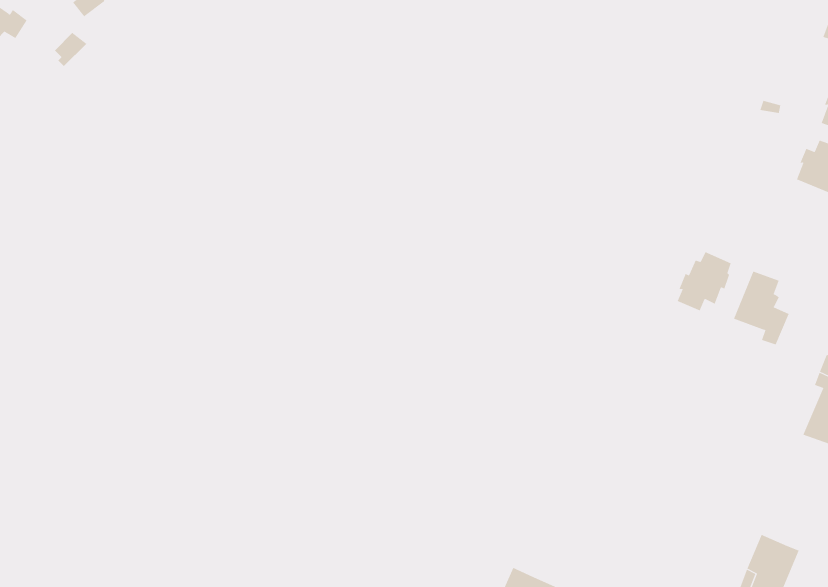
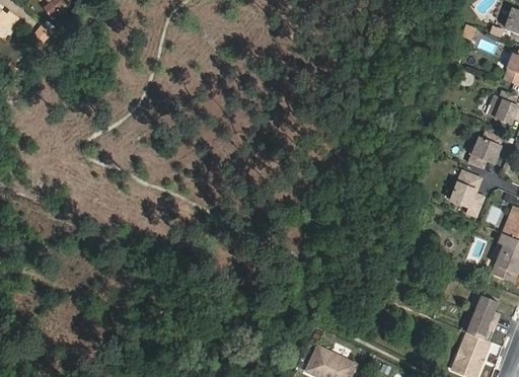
building: [677,252,732,311] -> [468,131,502,167]
building: none -> [466,295,500,338]

